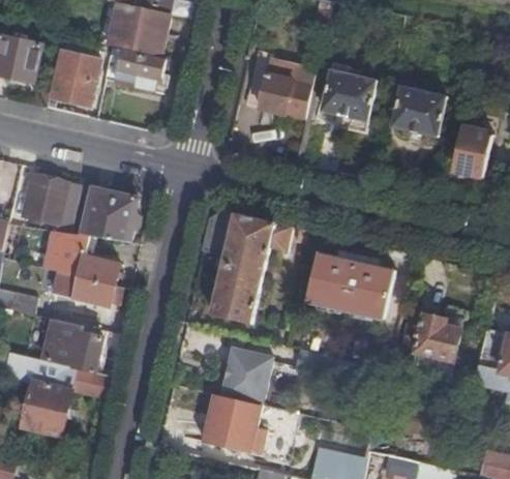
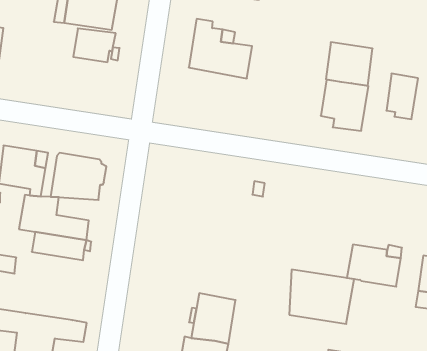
building: [50,50,99,106] -> none
building: [321,69,376,128] -> [321,80,368,131]
building: [207,214,299,329] -> none
building: [318,253,392,318] -> [289,270,354,324]
building: [42,318,103,371] -> none

